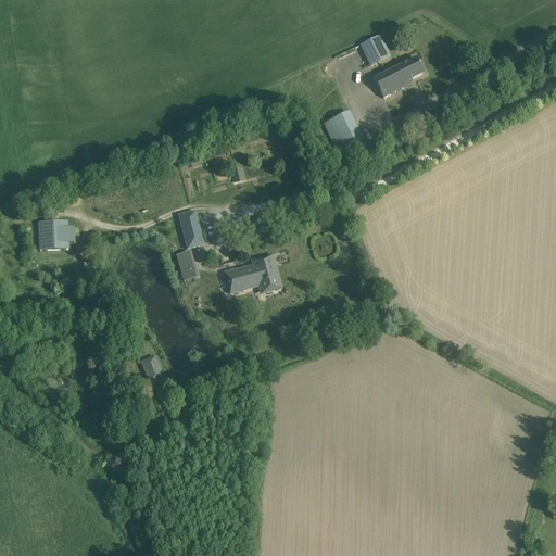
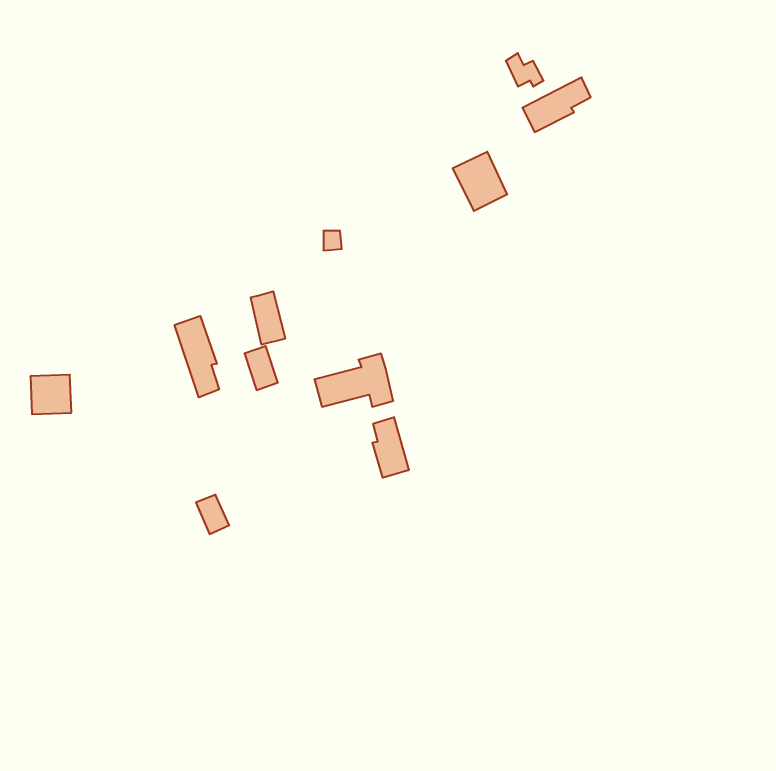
building: [39,219,68,248] -> [30,375,71,414]
building: none -> [175,316,219,397]
building: none -> [372,417,409,478]

